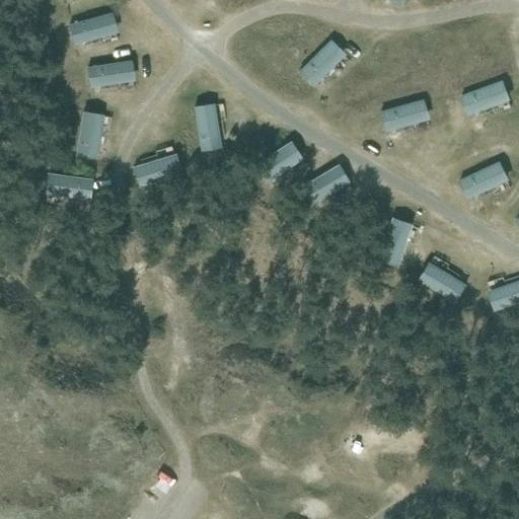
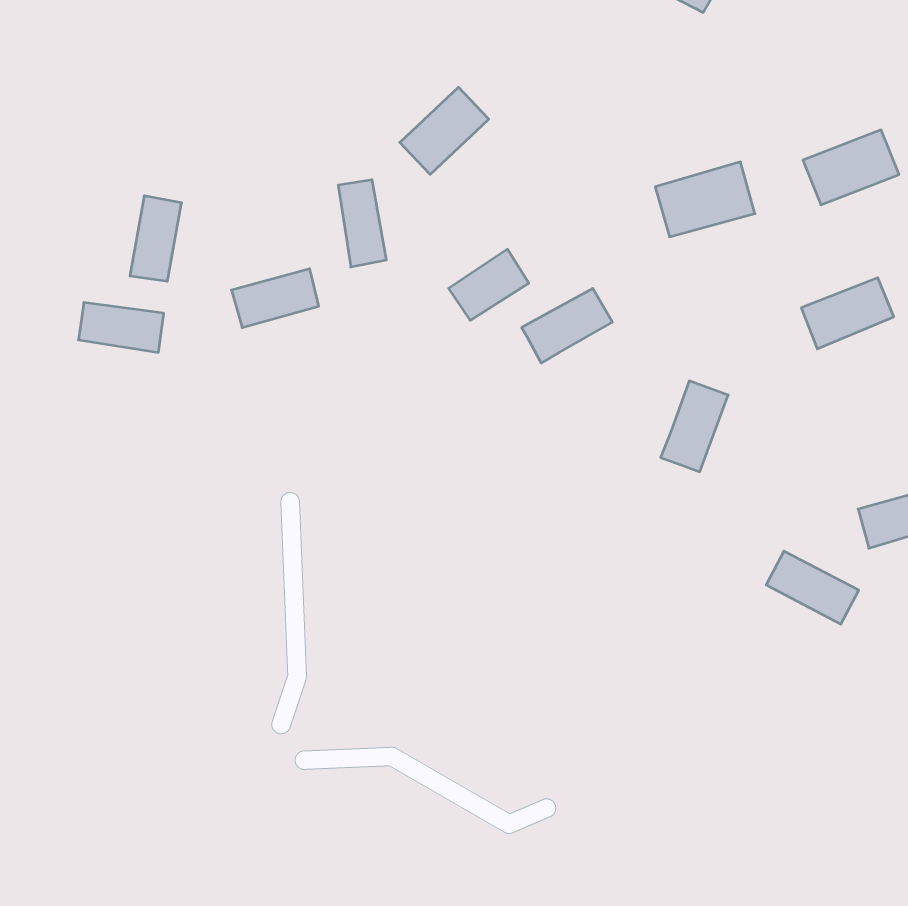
building: [70,10,118,45] -> none
building: [297,38,348,87] -> [400,87,489,174]
building: [86,60,135,89] -> none
building: [418,264,470,305] -> [766,551,859,624]

